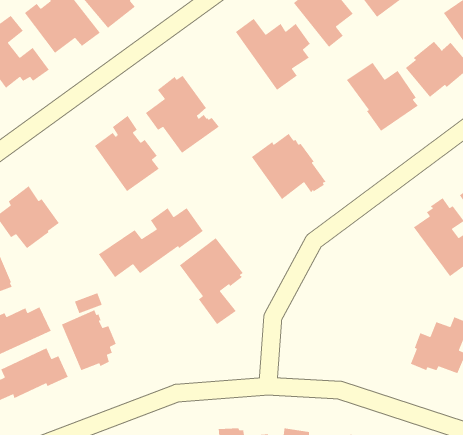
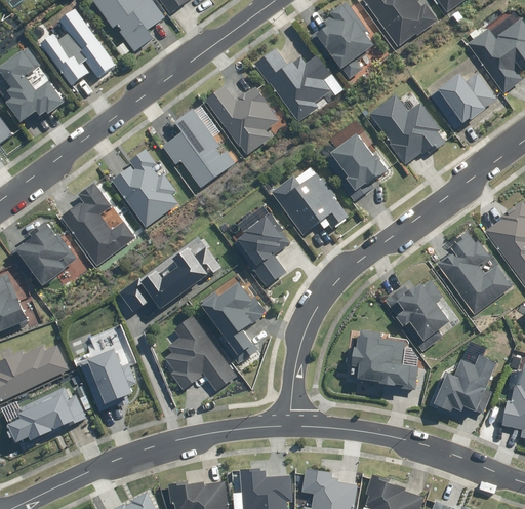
building: none -> [205,85,280,155]
building: none -> [328,119,389,201]
building: none -> [59,182,135,266]
building: none -> [231,202,291,289]
building: none -> [386,279,451,351]
building: none -> [160,314,236,391]
building: none -> [352,329,419,390]

